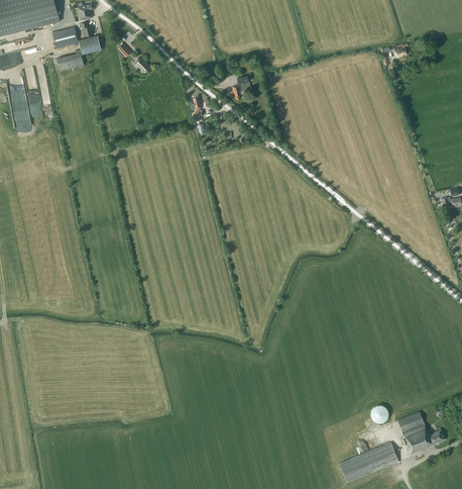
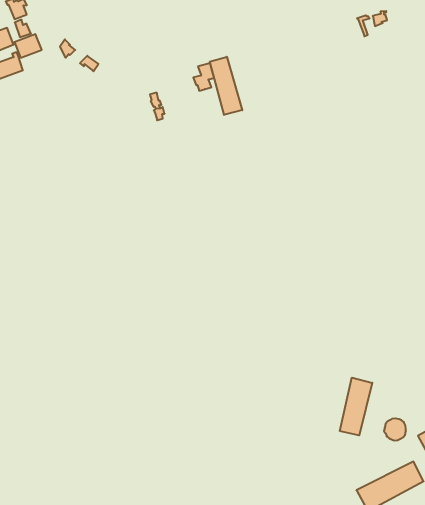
building: none -> [210,57,242,115]
building: none -> [340,378,372,435]

